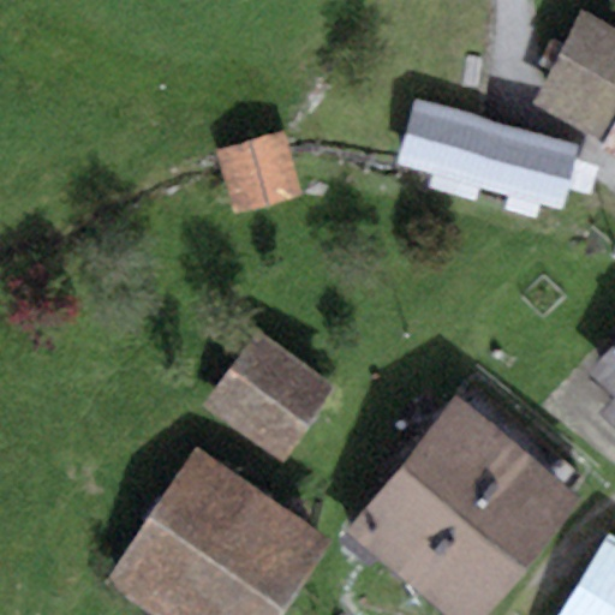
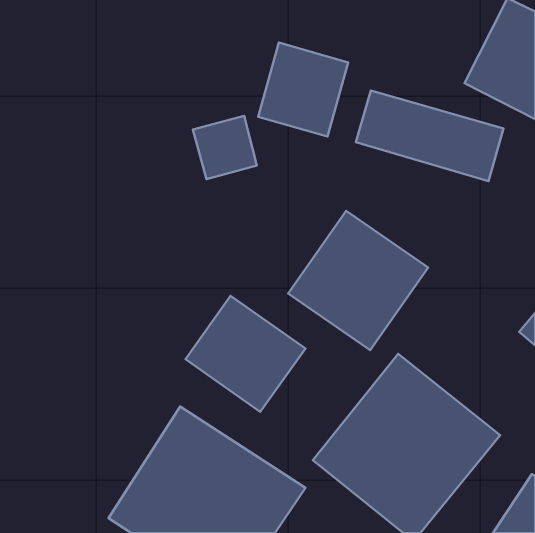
building: none -> [258,43,348,137]
building: none -> [288,211,428,350]

